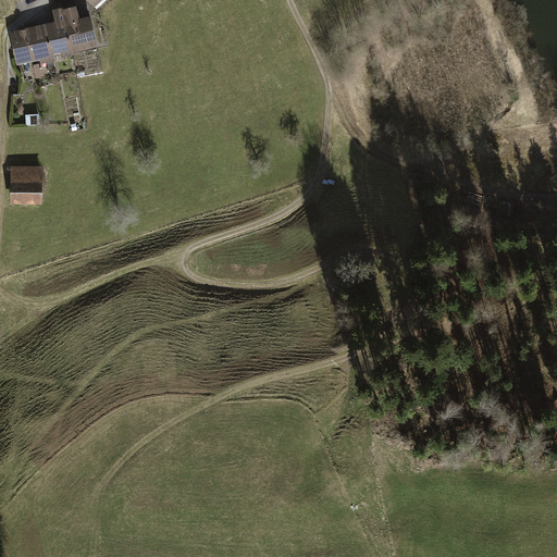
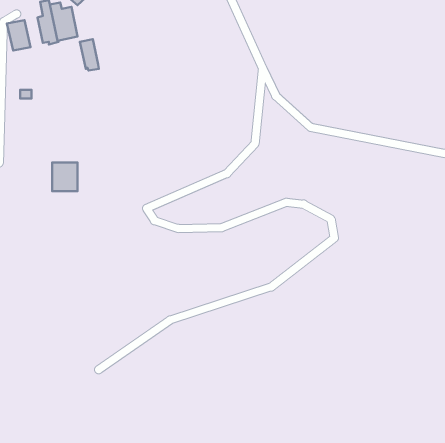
building: [30,22,54,61] -> [80,39,99,71]
building: [10,165,41,201] -> [52,162,77,191]

